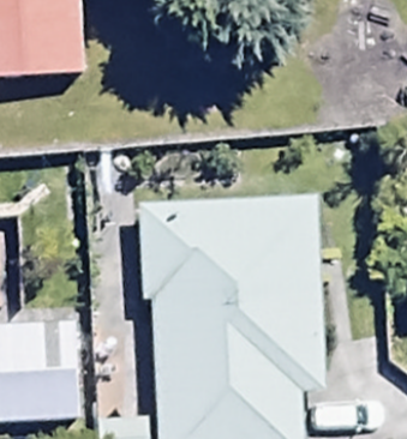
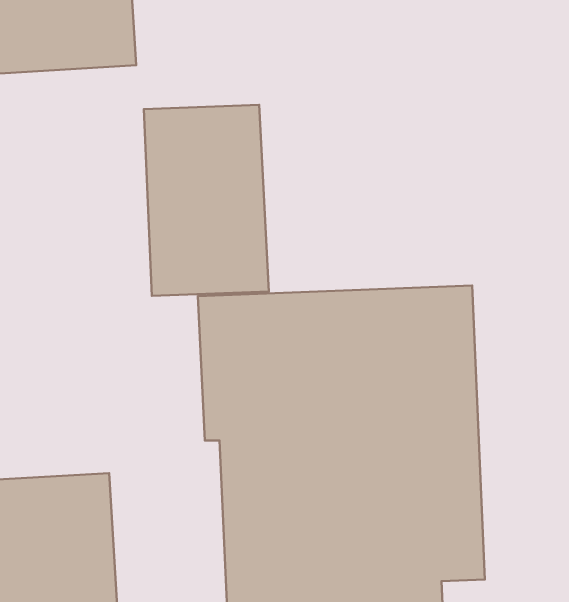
building: none -> [144,105,269,296]

